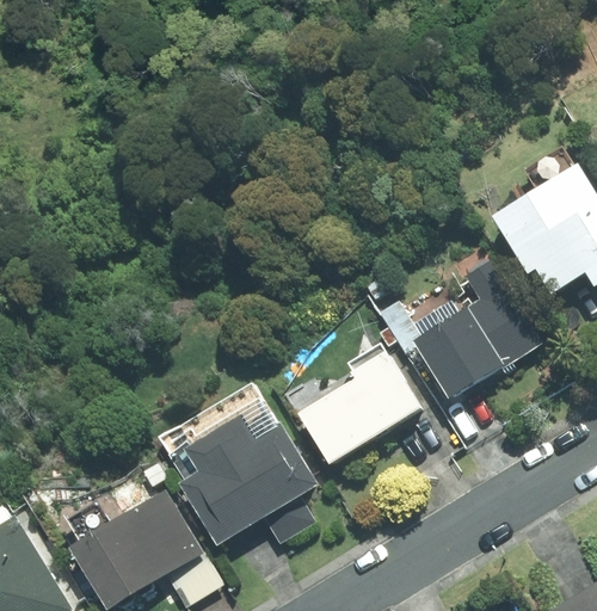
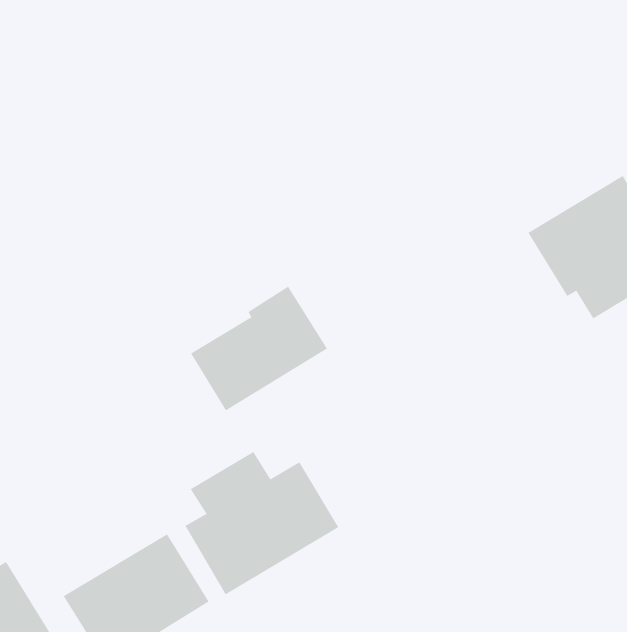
building: [412,259,540,399] -> none
building: [296,350,421,464] -> [190,286,328,411]

